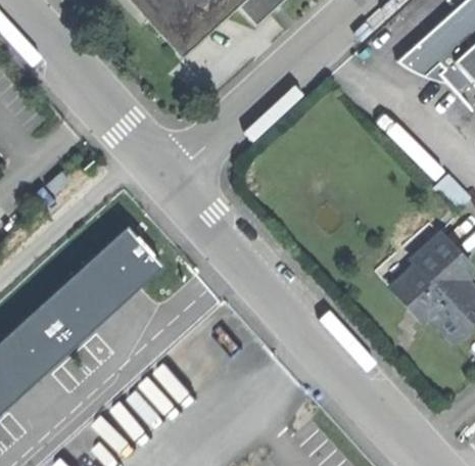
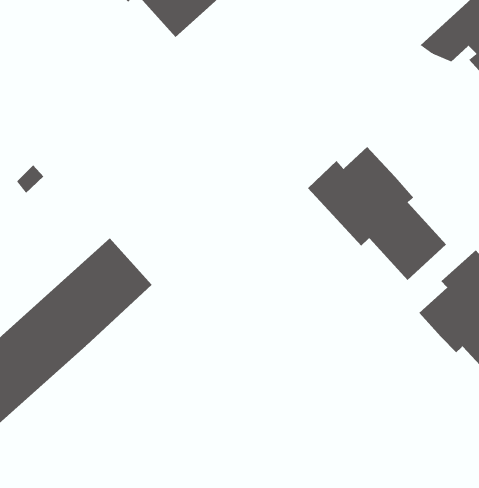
building: none -> [307,146,447,281]

